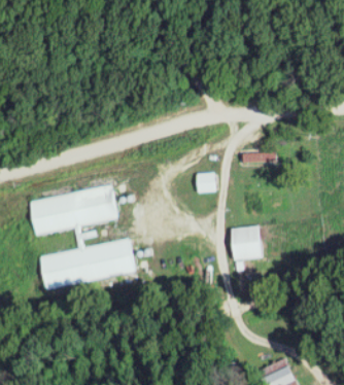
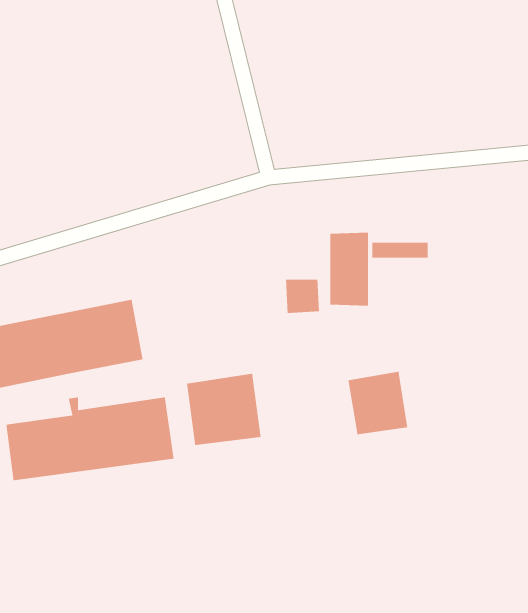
building: none -> [329,232,369,306]
building: none -> [186,373,262,446]

